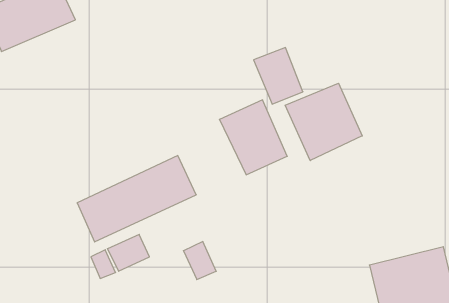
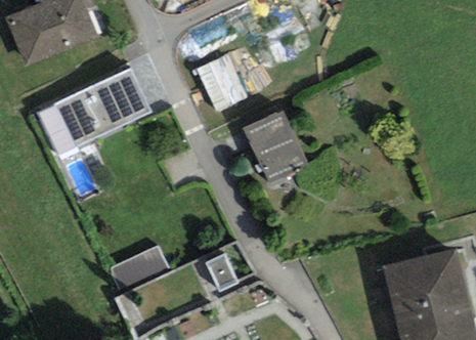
building: [254,48,303,104] -> [198,54,247,111]
building: [285,83,362,161] -> none
building: [77,156,196,242] -> [31,69,149,155]

